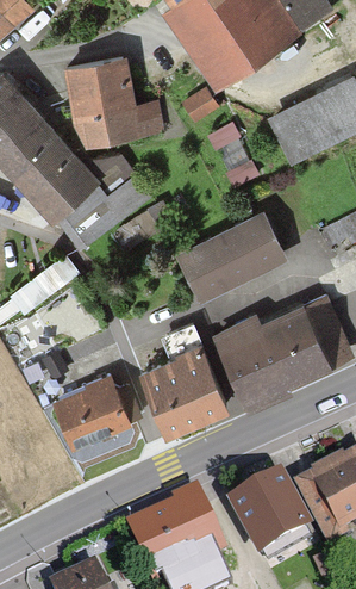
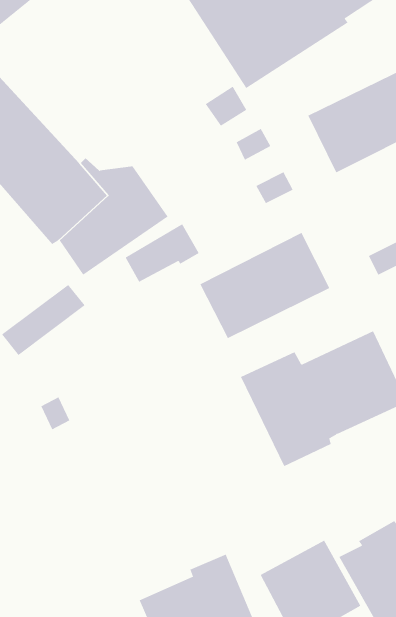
building: [63,55,163,145] -> none
building: [139,324,229,436] -> none
building: [52,373,133,451] -> none

